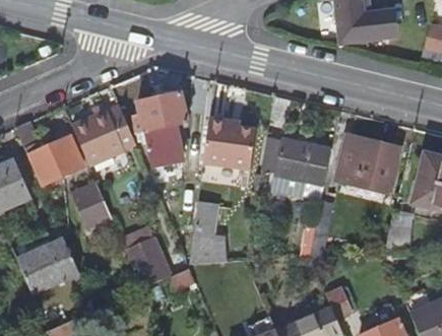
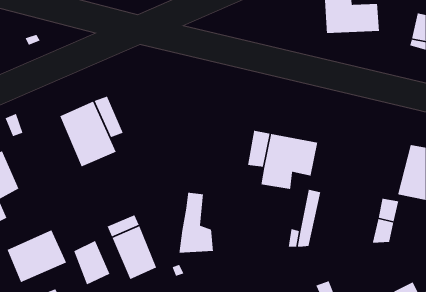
building: [137,92,188,169] -> none
building: [204,114,256,169] -> none
building: [25,125,79,203] -> none
building: [337,136,394,188] -> none
building: [71,180,109,225] -> [73,240,111,285]

